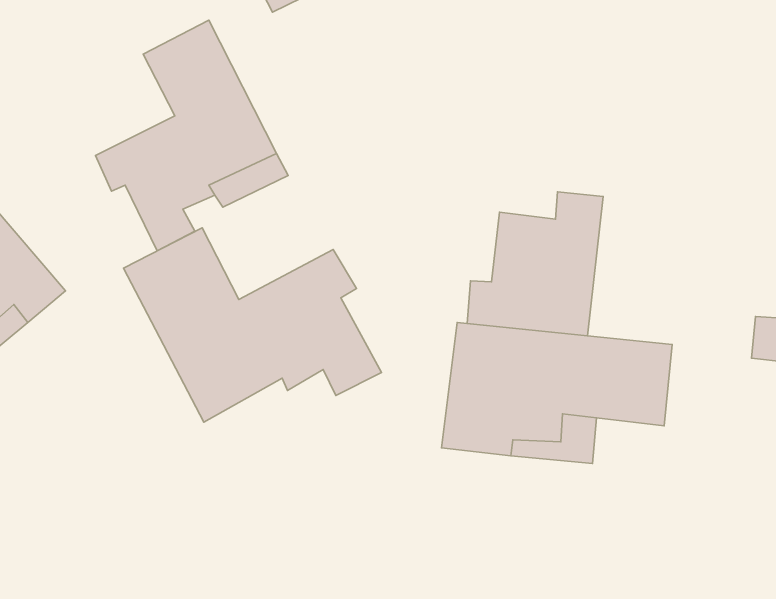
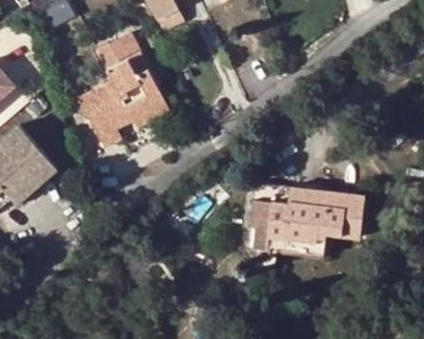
building: [467,192,603,336] -> none
building: [123,228,382,422] -> none

